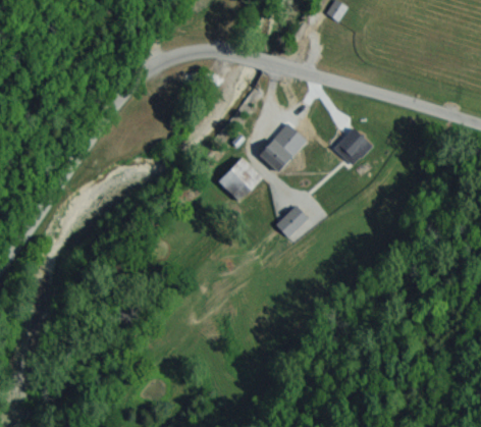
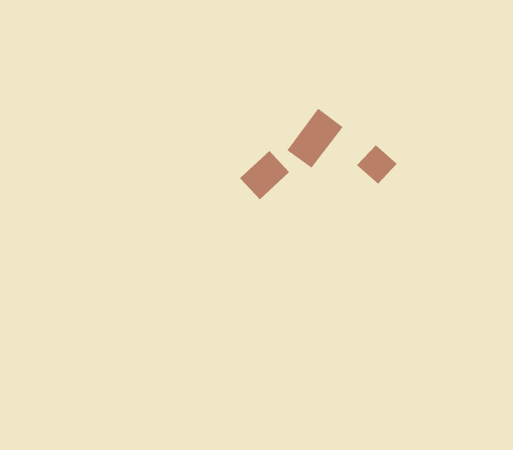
building: [336,127,371,161] -> [356,145,398,185]
building: [275,205,308,237] -> none

